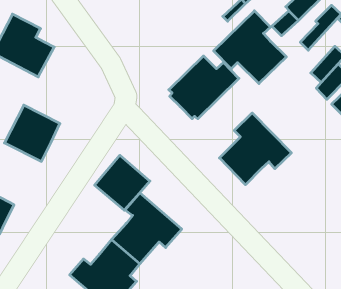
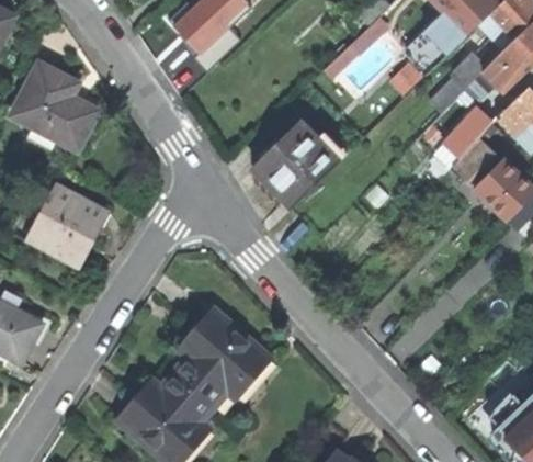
building: [214,11,286,84] -> none
building: [219,113,291,185] -> none
building: [95,155,150,210] -> none

